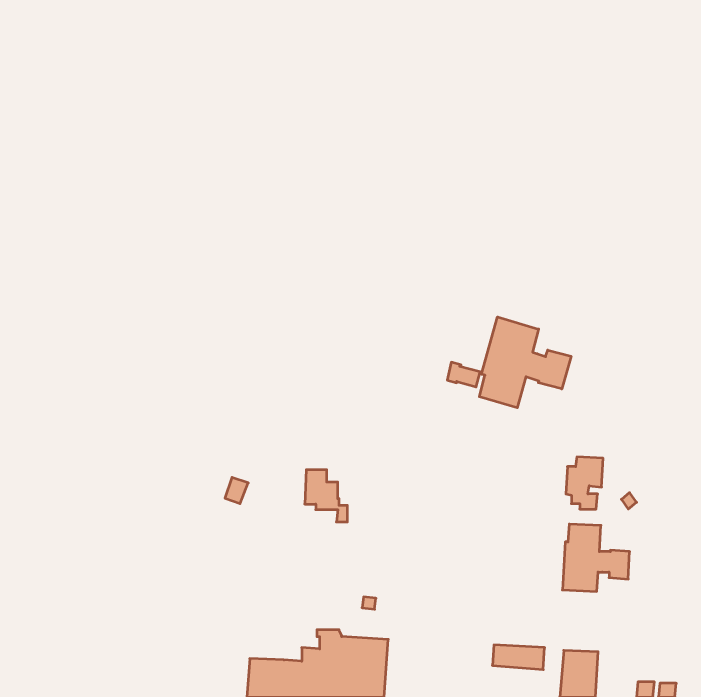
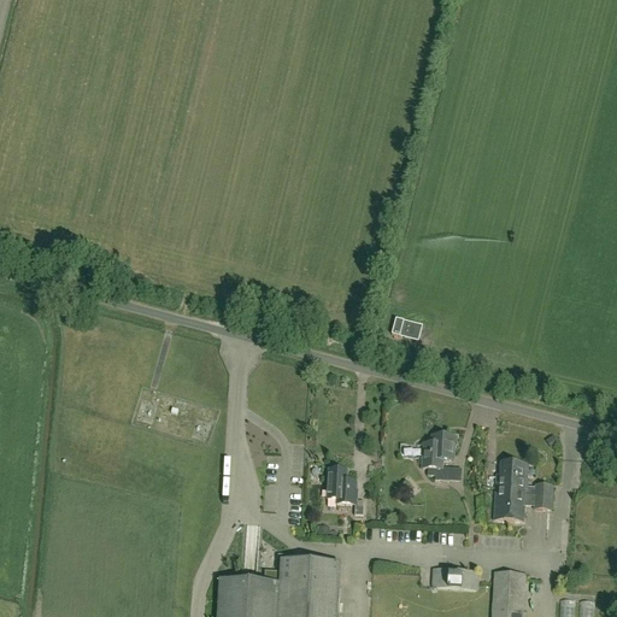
building: [479,317,571,408] -> none
building: [566,457,603,509] -> [423,433,456,478]
building: [305,470,347,522] -> [327,468,364,513]

